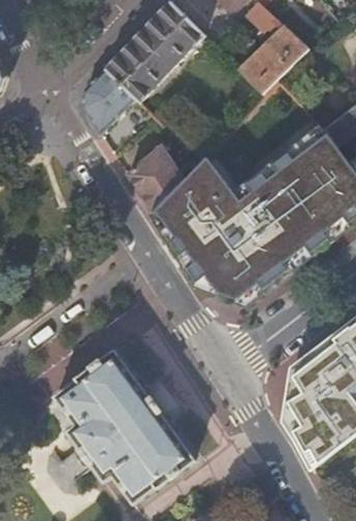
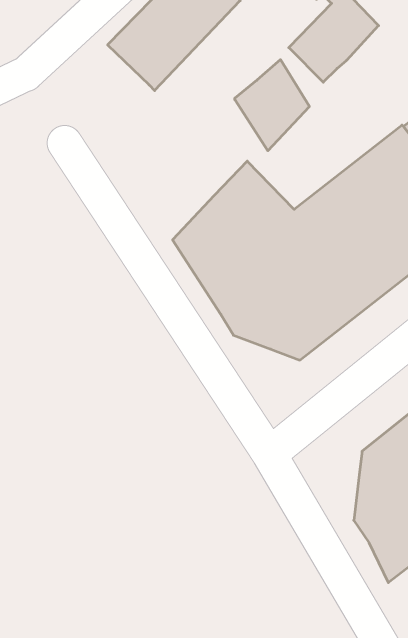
building: [84,66,135,132] -> none
building: [128,143,184,211] -> [235,60,309,151]
building: [54,349,195,502] -> none

